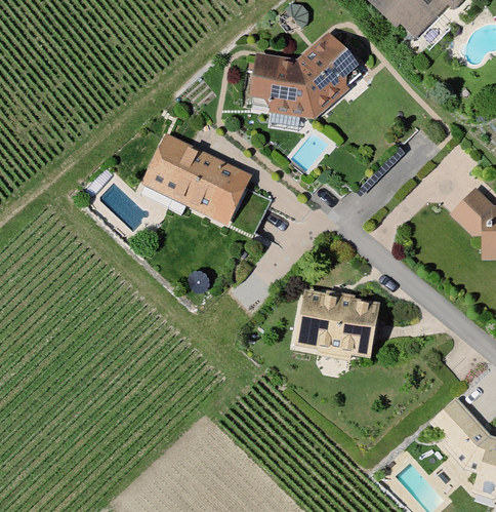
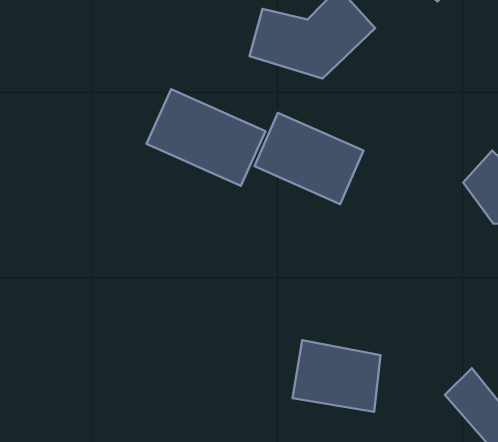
building: none -> [254,113,363,204]
building: [295,290,379,359] -> [293,340,381,412]

